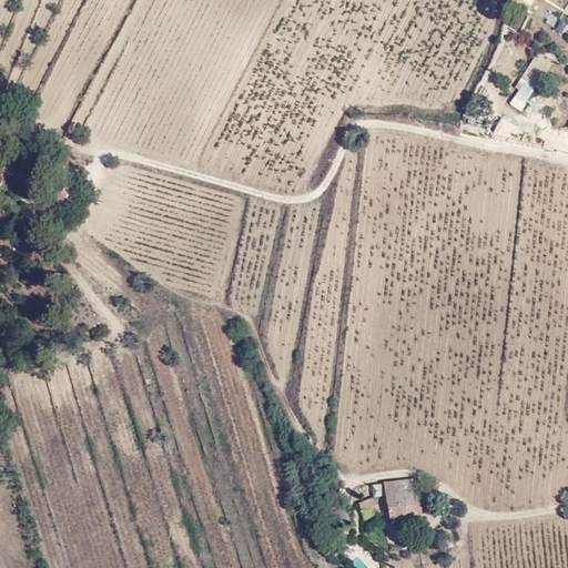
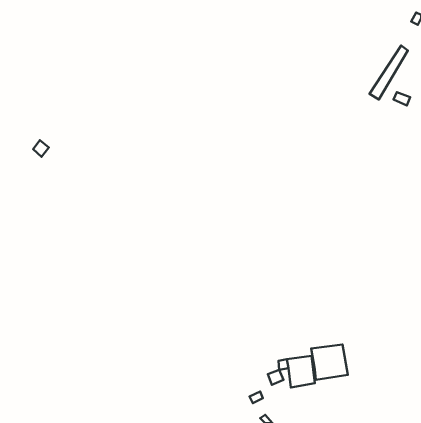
building: none -> [311,344,348,380]

